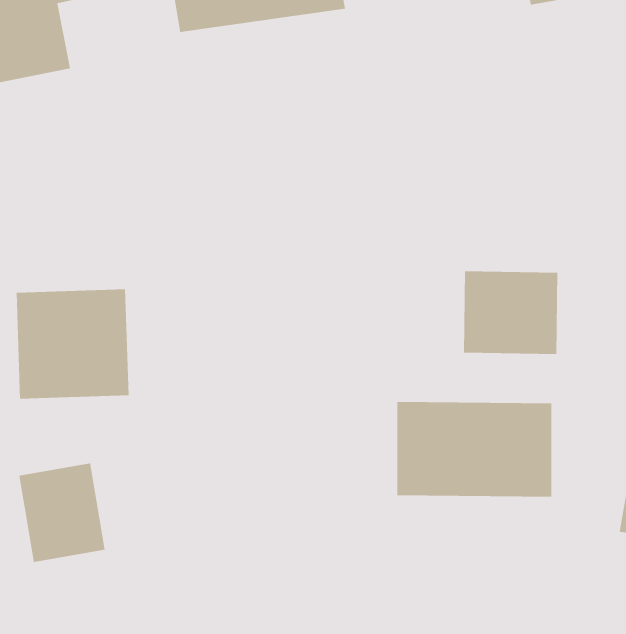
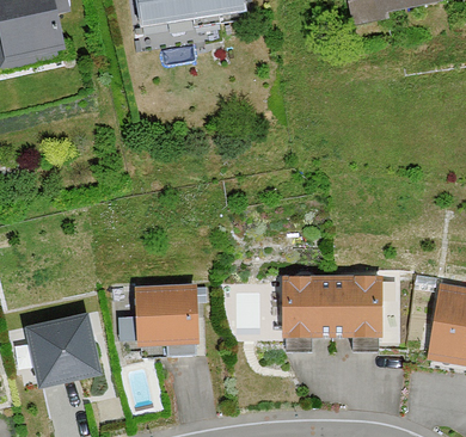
building: [464,270,558,355] -> none
building: [16,289,130,399] -> [129,283,204,356]

